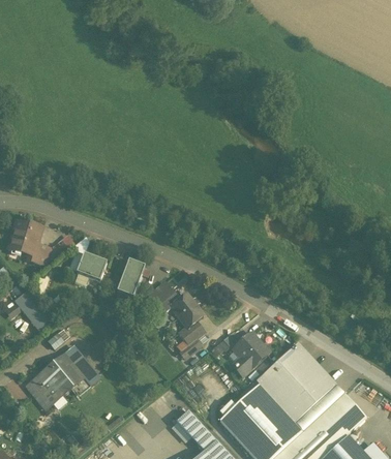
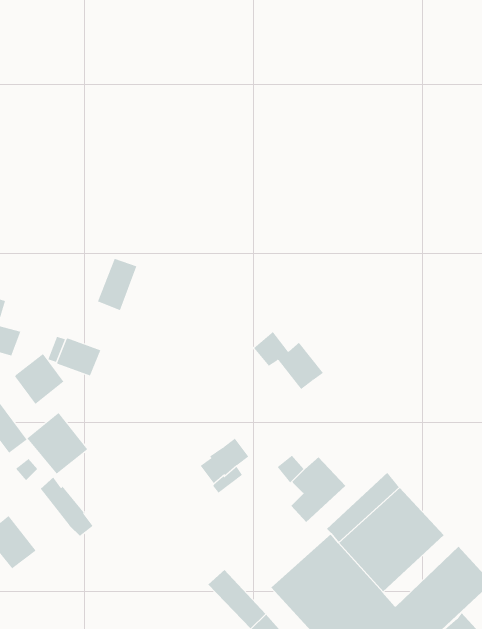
building: [116,259,143,295] -> [97,258,137,311]
building: none -> [14,354,64,405]
building: [155,286,203,326] -> [253,331,324,390]
building: [42,354,84,395] -> [26,412,88,474]

